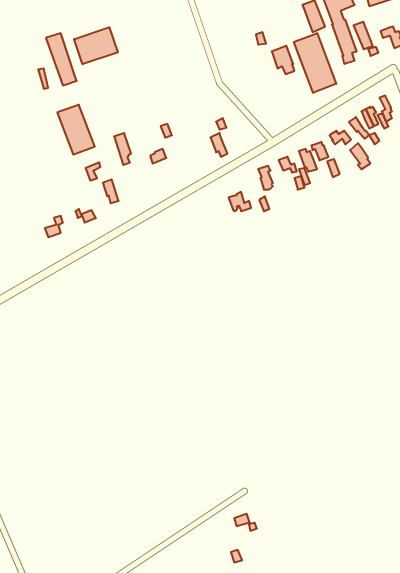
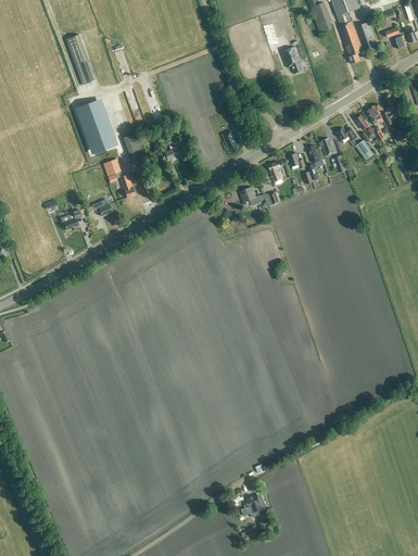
building: [74,27,118,64] -> none
building: [294,33,336,93] -> none

